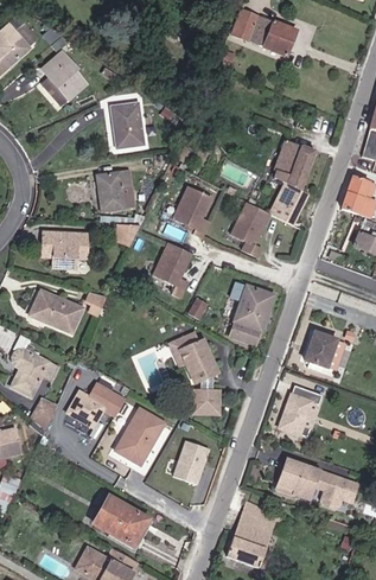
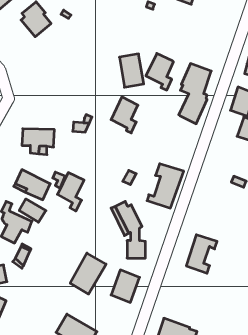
building: [111,101,146,148] -> [119,54,144,87]
building: [98,170,133,210] -> none
building: [230,202,269,254] -> [146,53,173,90]
building: [154,243,192,298] -> [57,173,84,211]
building: [302,331,346,370] -> none
building: [85,384,123,418] -> [19,199,46,222]
building: [275,459,353,505] -> none

